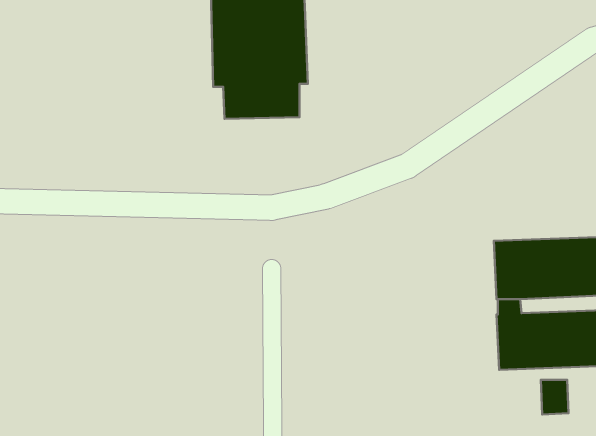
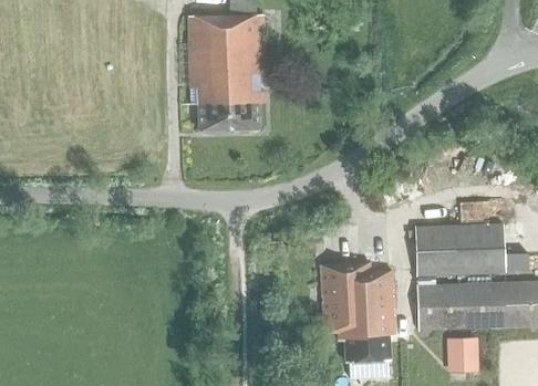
building: none -> [321,261,396,362]

